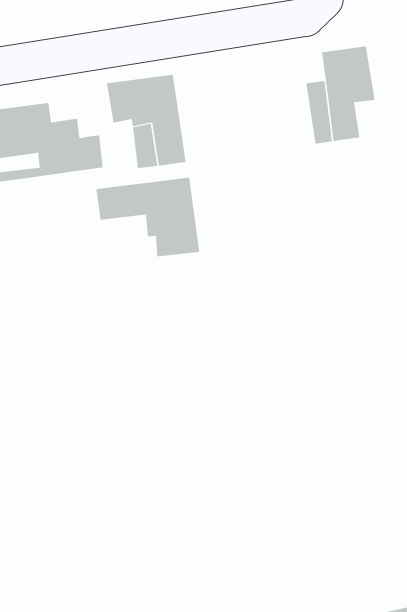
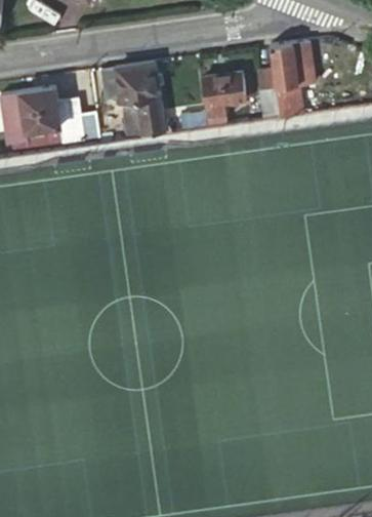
building: none -> [204,71,248,127]
building: [96,177,200,257] -> none

